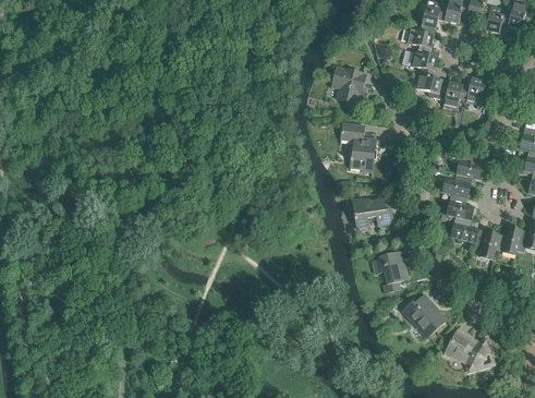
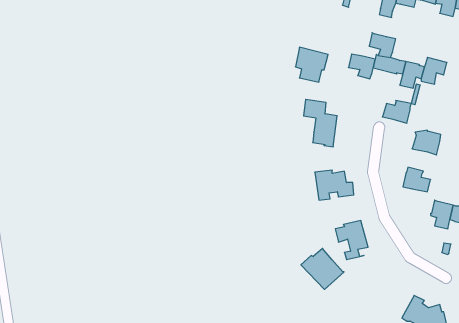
building: [405,28,434,55] -> [348,54,375,79]
building: [441,173,472,197] -> [382,101,411,123]
building: [450,216,479,242] -> none
building: [401,293,447,337] -> [301,248,344,289]

